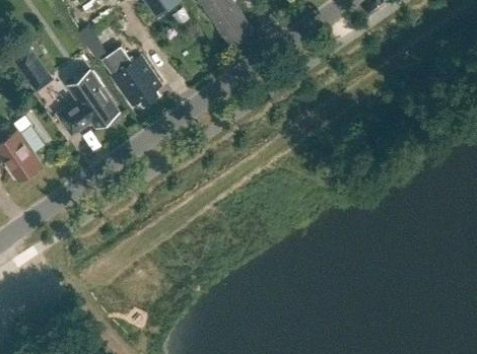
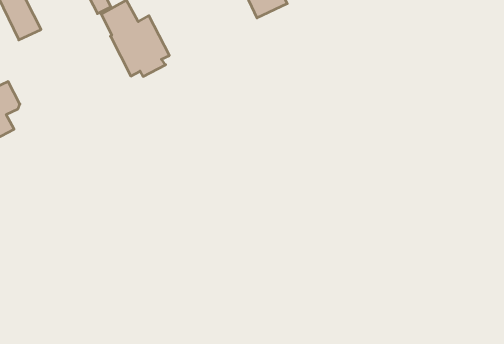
building: [59,71,121,135] -> none

